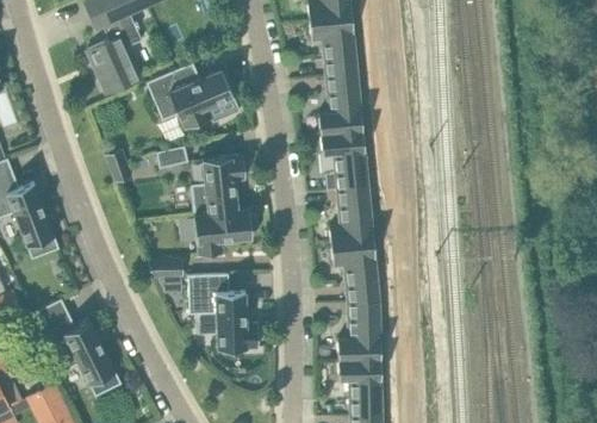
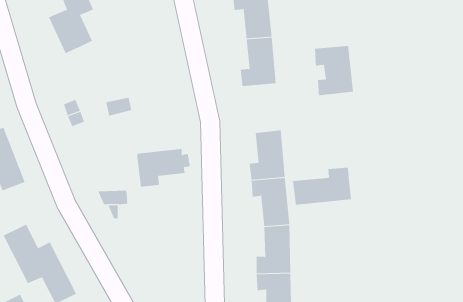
building: [145,67,240,130] -> none
building: [321,130,368,191] -> [314,45,354,96]
building: [191,155,245,214] -> none
building: none -> [293,167,352,206]
building: [187,274,259,349] -> none

